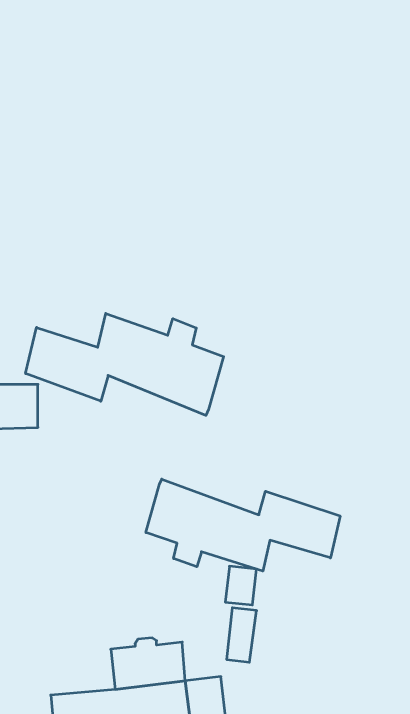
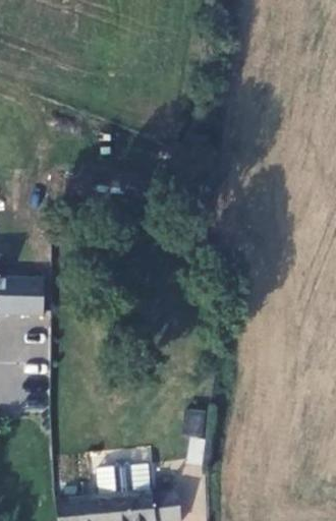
building: [26,313,224,415] -> none
building: [146,479,340,571] -> none

